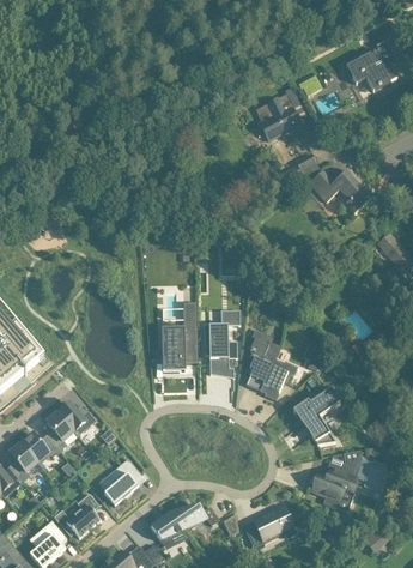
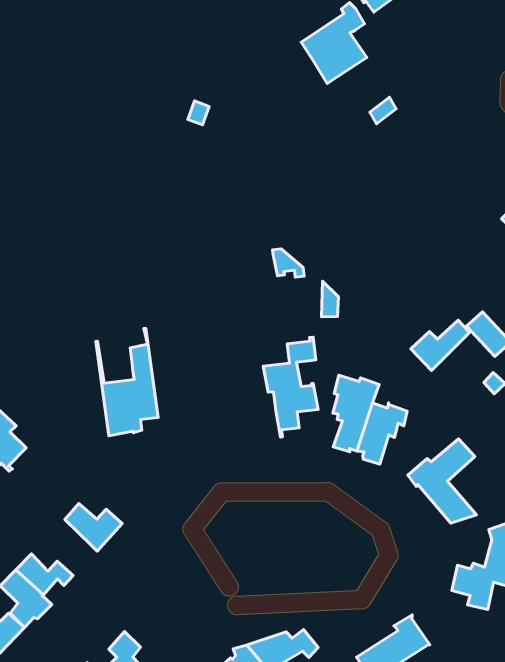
building: [308,170,370,214] -> none
building: [160,302,196,371] -> [96,328,158,436]
building: none -> [411,320,470,371]
building: [45,412,73,451] -> none
building: [97,458,139,506] -> none

